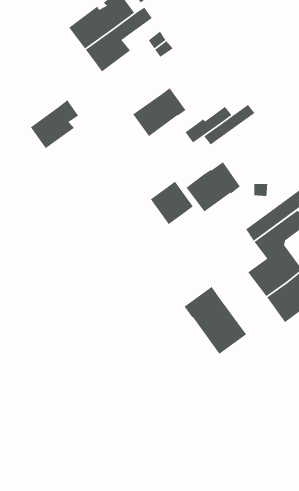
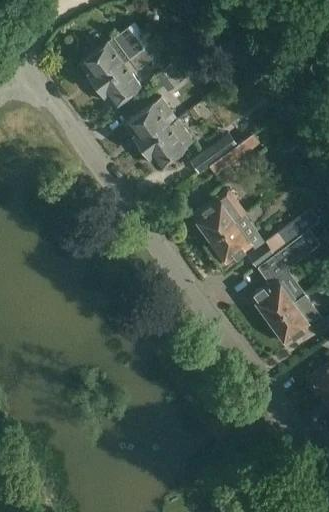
building: [30,99,79,149] -> [126,98,173,146]
building: [150,180,194,225] -> [210,222,252,265]
building: [184,286,247,355] -> none

